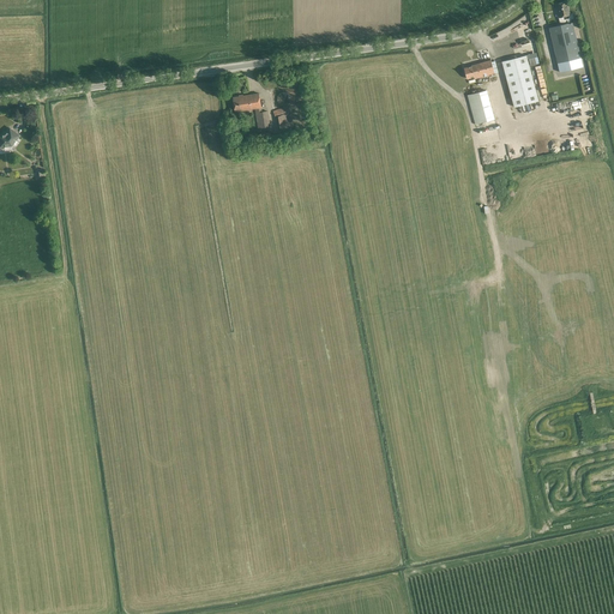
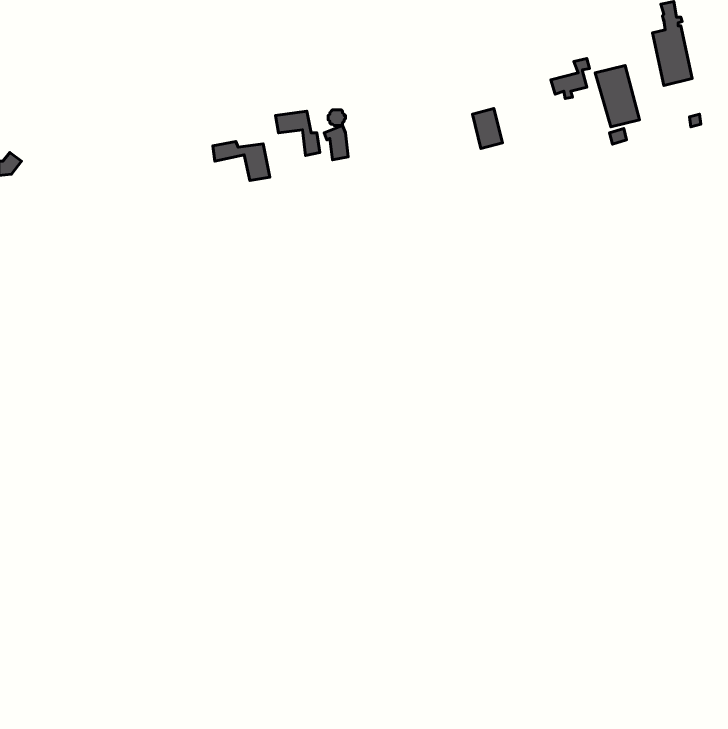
building: [466,90,492,124] -> [472,109,502,149]
building: none -> [213,141,270,181]

